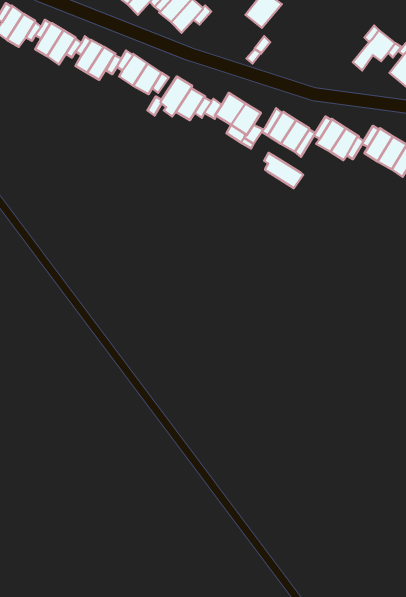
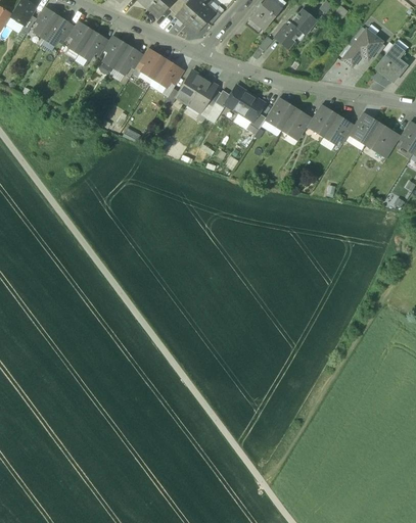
building: none -> [274,10,315,49]
building: [264,153,303,188] -> none

